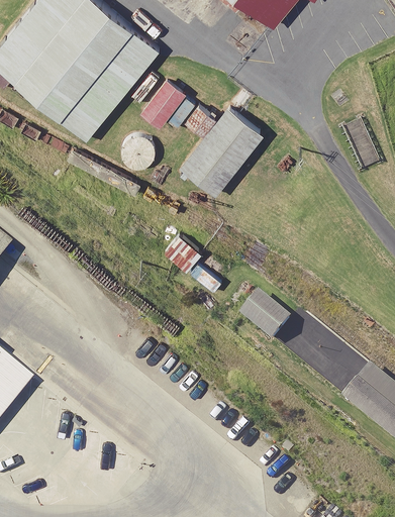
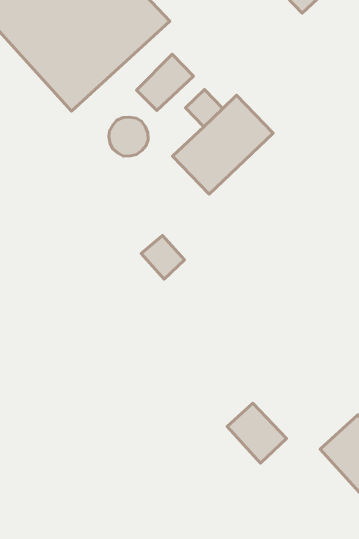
building: [241,293,294,343] -> [227,403,286,463]

